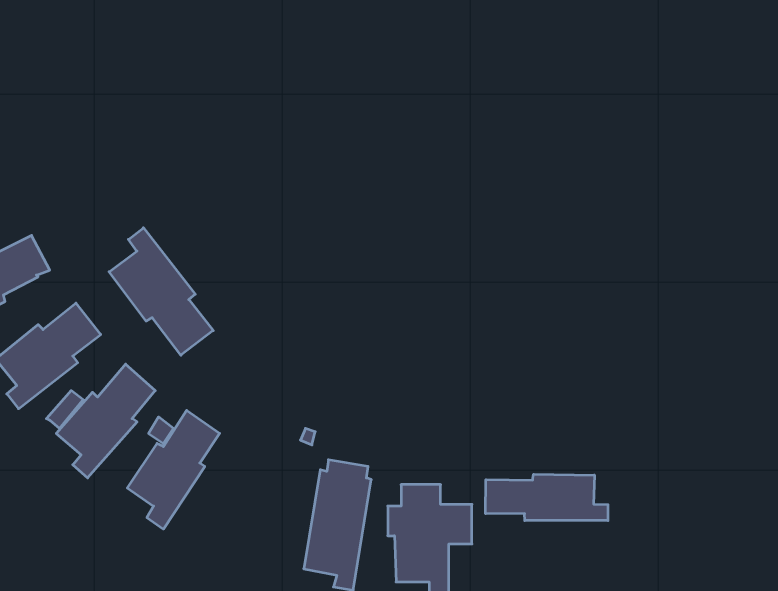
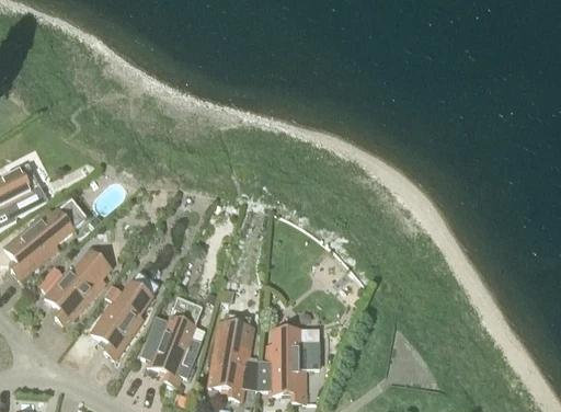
building: [109,228,213,355] -> none
building: none -> [148,299,203,386]
building: [486,474,608,521] -> none

